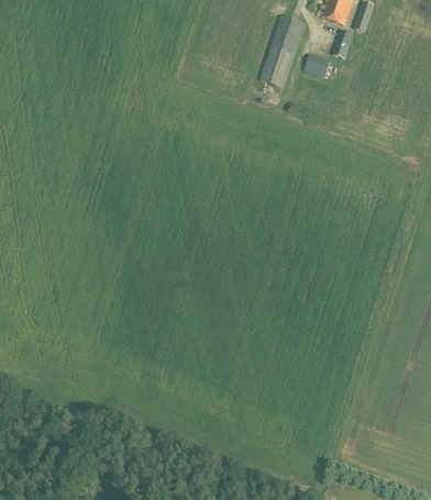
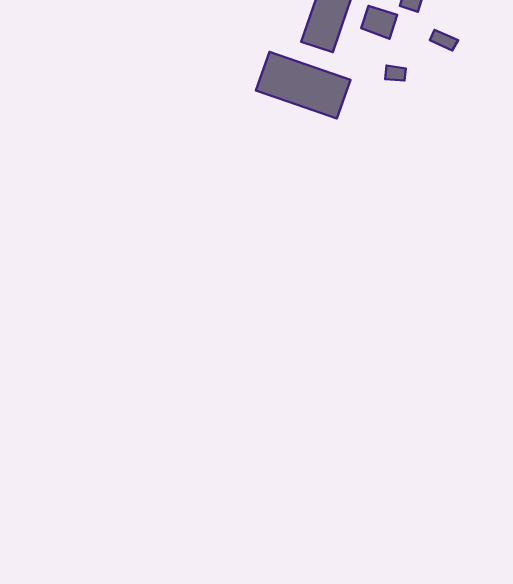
building: none -> [256,52,350,118]

